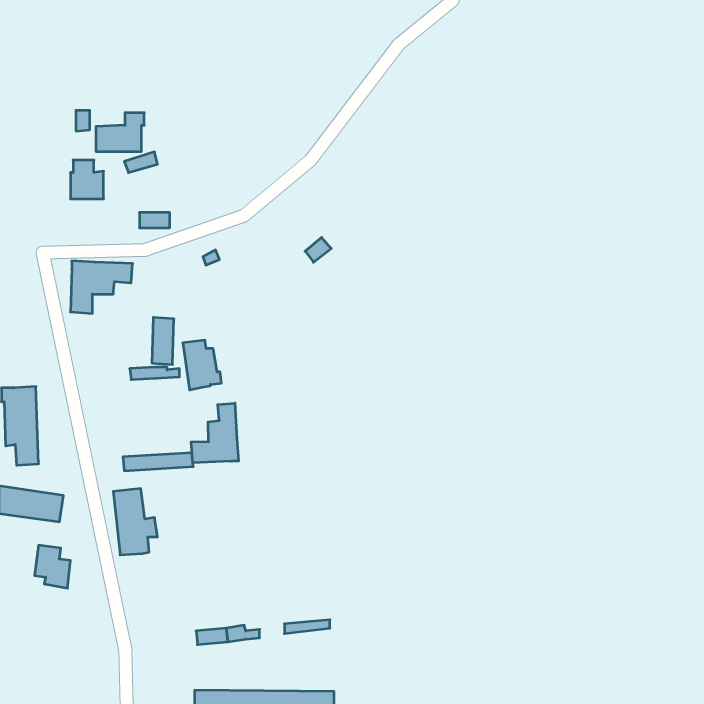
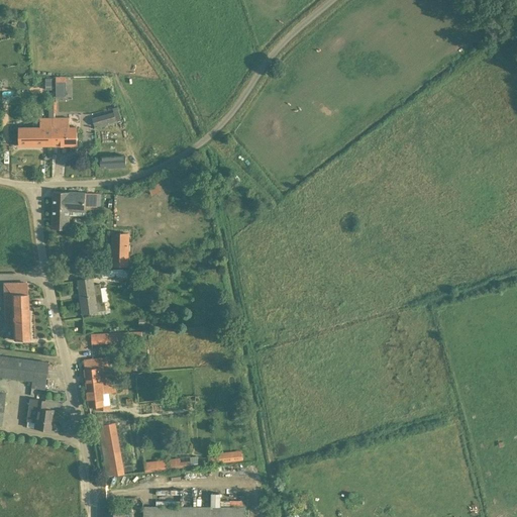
building: [96,113,144,151] -> [18,118,54,146]
building: [183,340,221,390] -> [77,279,105,315]
building: [191,403,238,463] -> none
building: none -> [94,421,124,477]

